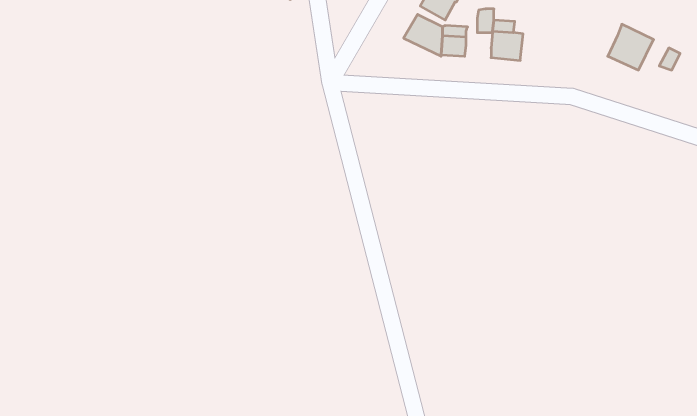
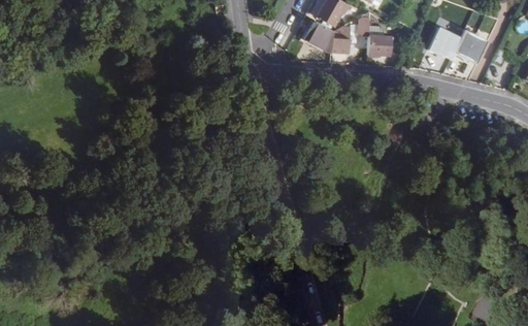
building: none -> [428,27,461,59]

